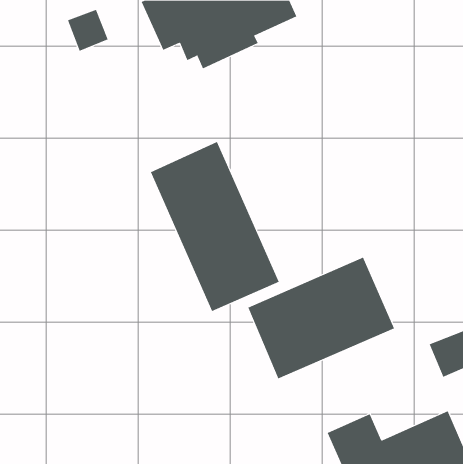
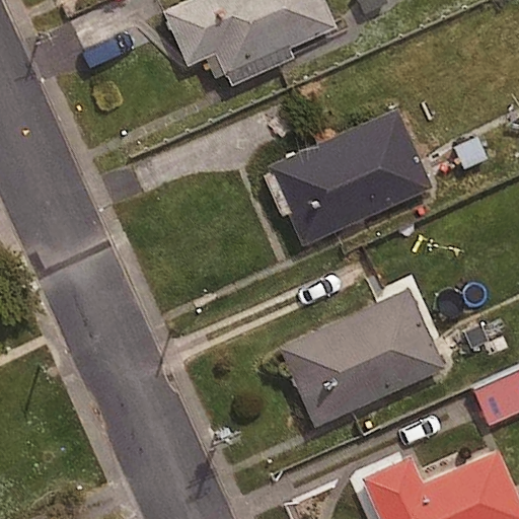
building: none -> [271,109,430,242]
building: [150,141,280,312] -> none

